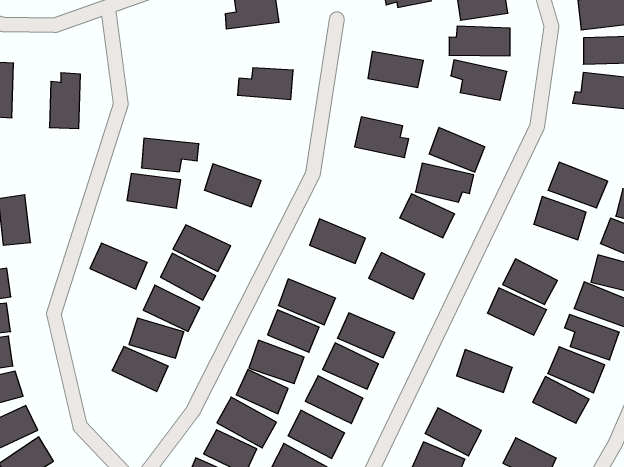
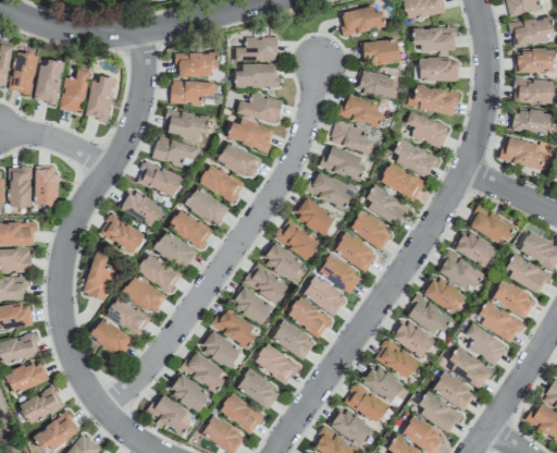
building: none -> [357,70,398,100]
building: none -> [177,52,219,76]
building: none -> [235,64,277,88]
building: none -> [171,81,215,105]
building: none -> [60,66,90,113]
building: none -> [330,120,374,154]
building: none -> [391,137,438,177]
building: none -> [228,117,275,152]
building: none -> [165,109,210,138]
building: none -> [218,143,262,179]
building: none -> [305,170,356,210]
building: none -> [295,198,336,236]
building: none -> [184,186,228,224]
building: none -> [120,188,163,226]
building: none -> [334,233,377,271]
building: none -> [437,252,484,289]
building: none -> [262,242,305,281]
building: none -> [302,276,347,316]
building: none -> [82,253,115,301]
building: none -> [393,319,435,358]
building: none -> [89,318,133,356]
building: none -> [361,363,405,403]
building: none -> [416,391,462,432]

